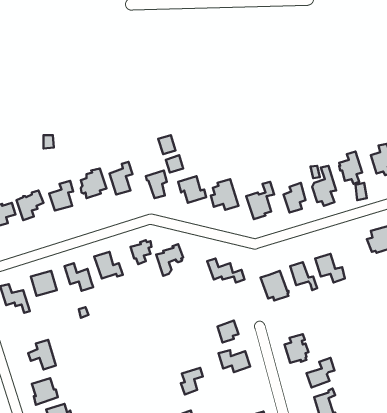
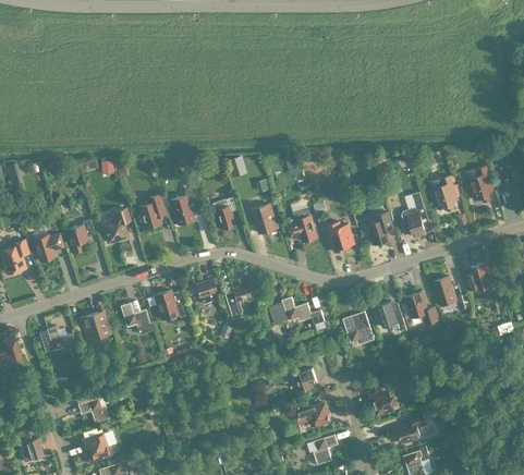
building: none -> [434,277,466,310]
building: [181,368,203,395] -> [314,435,339,465]

